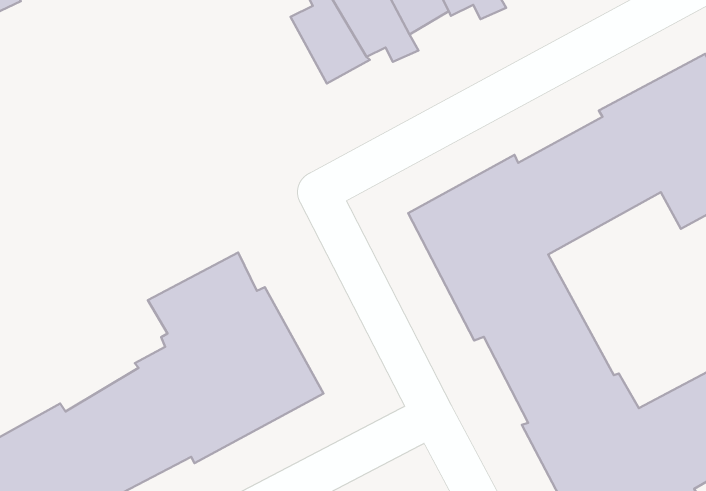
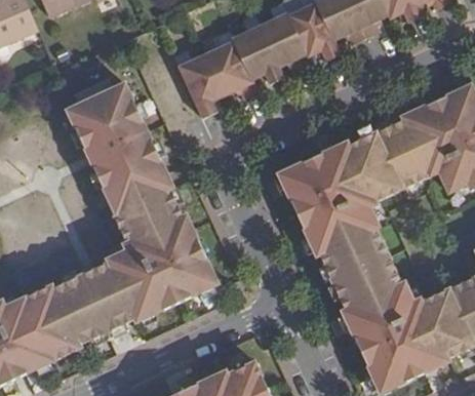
building: none -> [177,47,231,115]
building: none -> [65,81,172,221]

